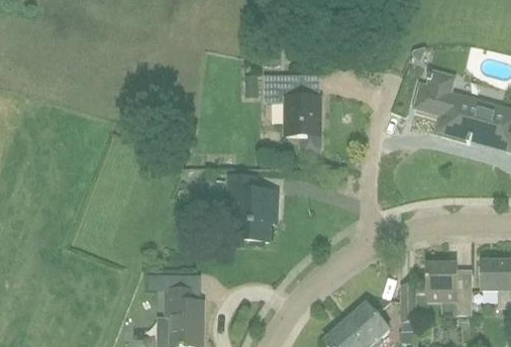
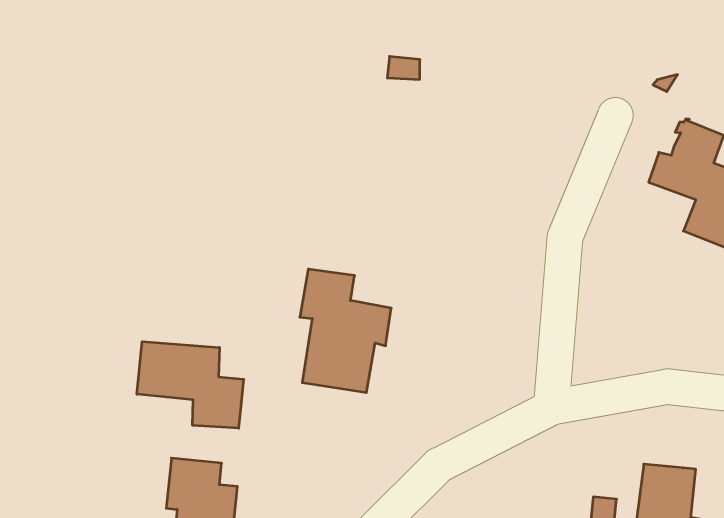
building: [266,75,319,150] -> none
building: none -> [137,342,244,428]

